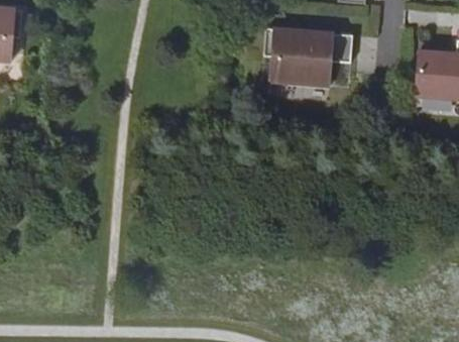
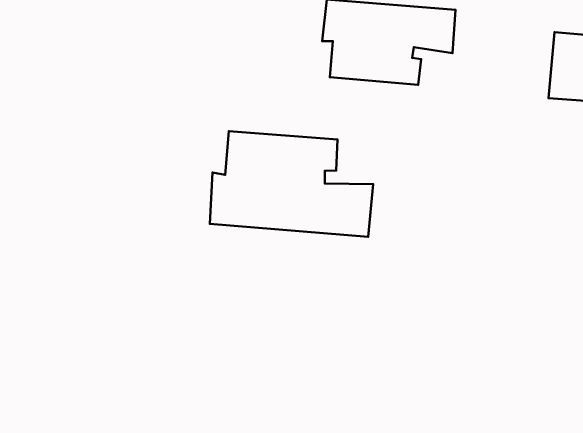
building: none -> [210,131,373,237]

